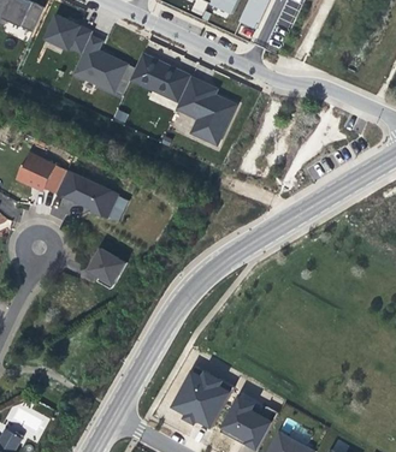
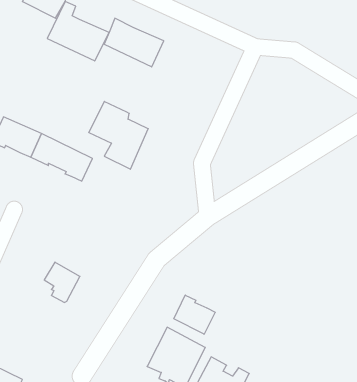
building: [176,77,236,145] -> [89,101,148,169]
building: [90,248,126,289] -> [44,262,80,302]
building: none -> [174,295,215,334]

